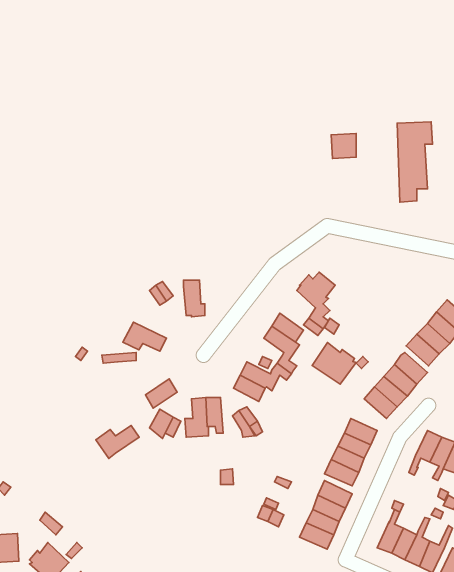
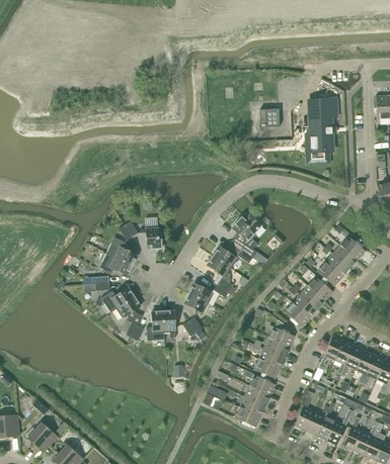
building: none -> [106,237,137,265]
building: [312,342,356,384] -> none
building: [96,425,139,458] -> [100,287,134,312]

